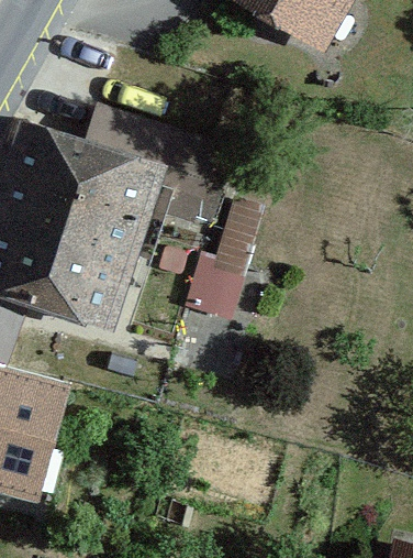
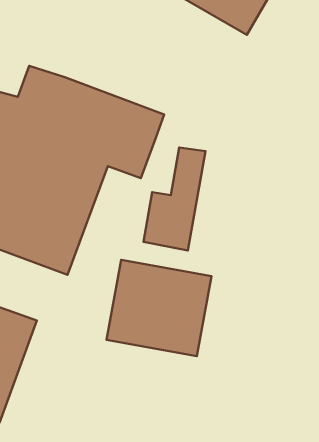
building: none -> [106,260,212,356]

